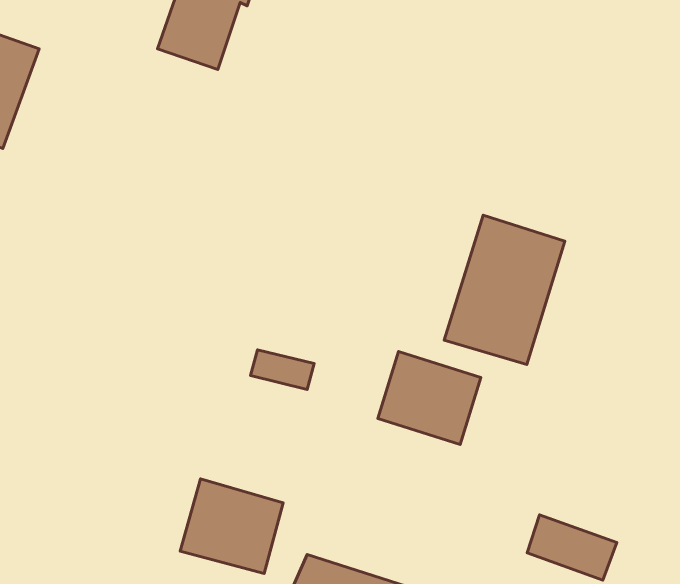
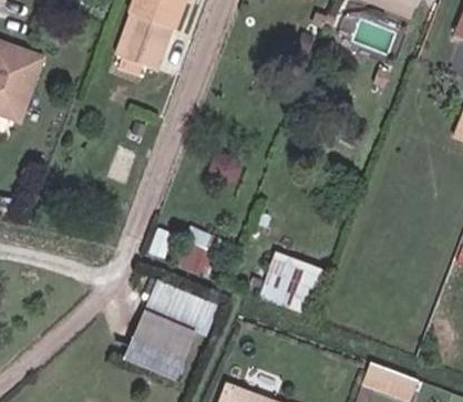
building: [444,215,565,365] -> none
building: none -> [145,296,218,351]

